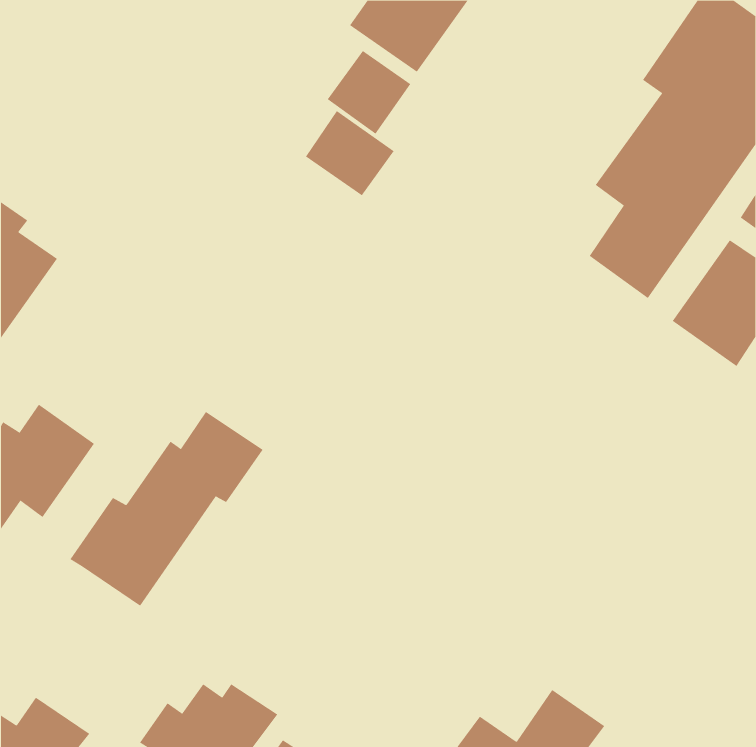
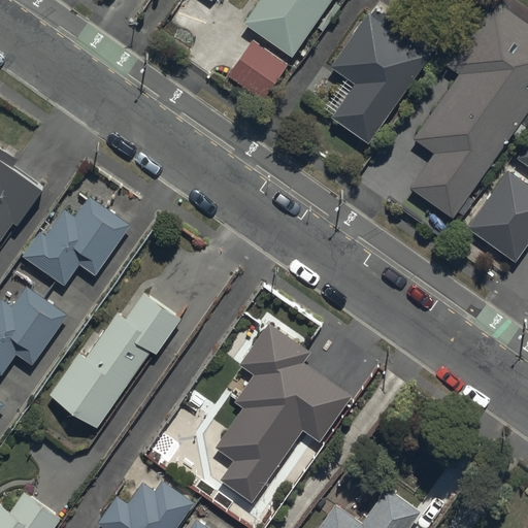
building: none -> [331,12,429,142]
building: [305,110,394,196] -> none
building: none -> [21,198,129,287]
building: none -> [217,325,353,503]

